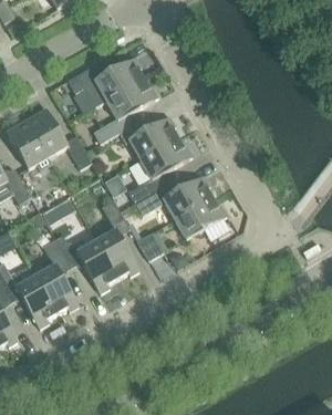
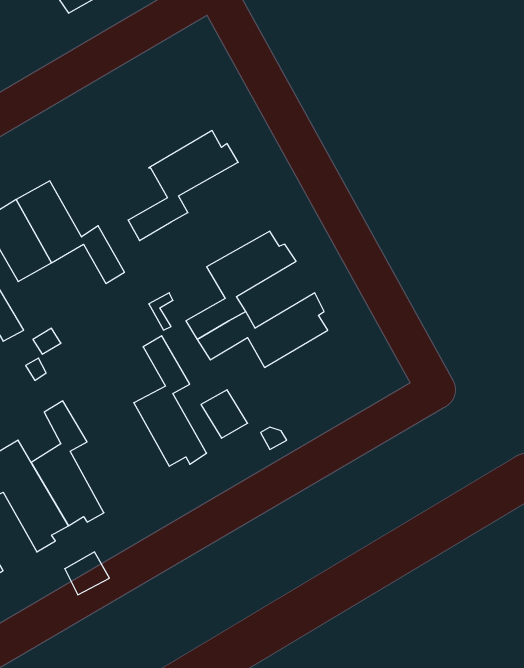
building: [68,56,143,107] -> none
building: [118,116,177,159] -> none
building: [174,197,227,239] -> none
building: [54,235,117,293] -> none

